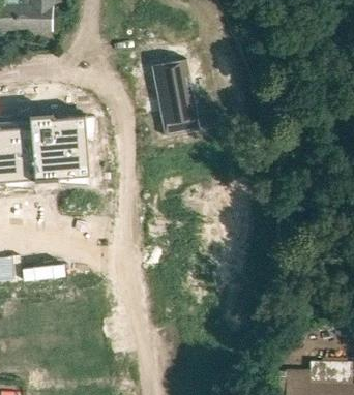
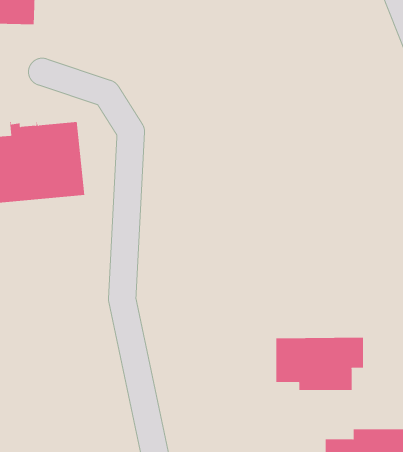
building: [152,60,201,138] -> none
building: none -> [276,337,364,391]

